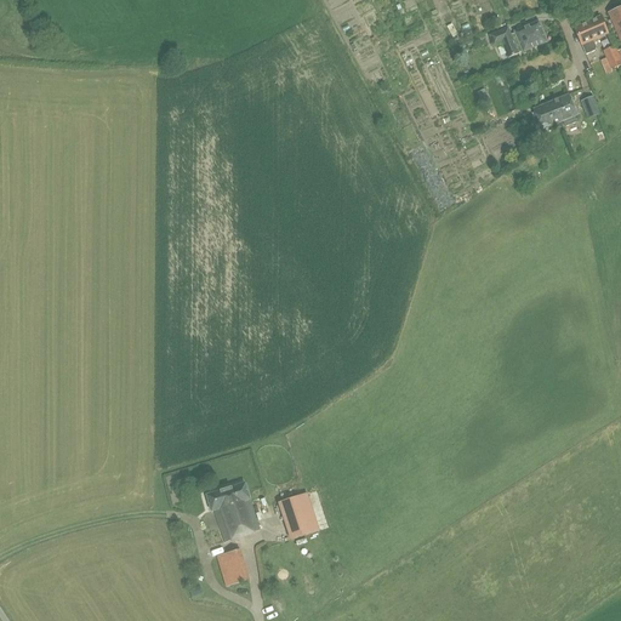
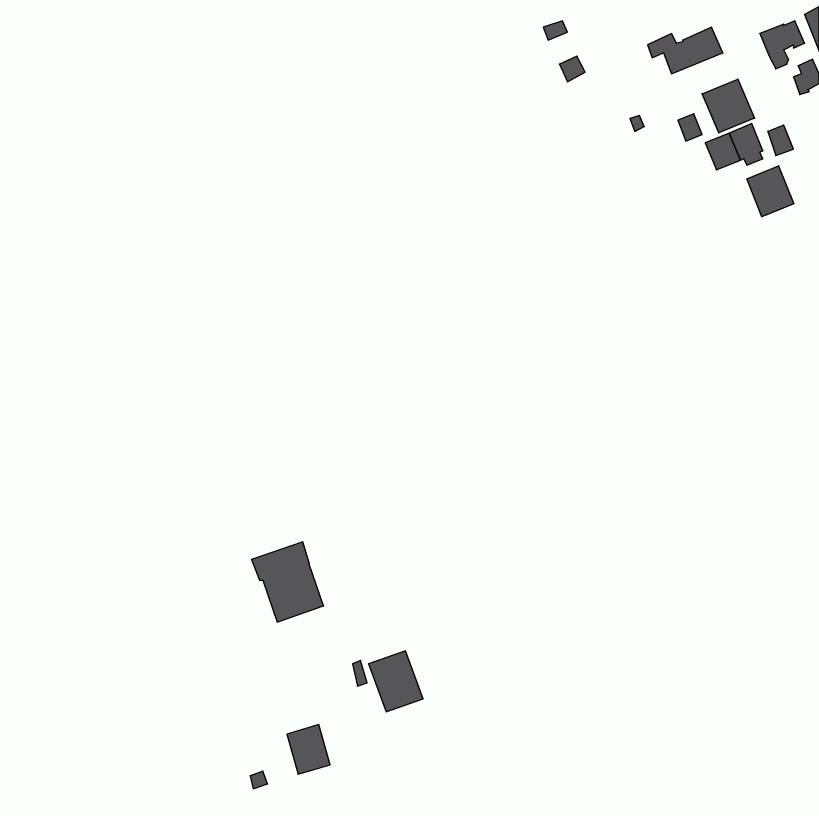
building: none -> [702,79,755,133]
building: none -> [747,166,794,217]
building: [206,480,261,541] -> [252,542,324,622]

